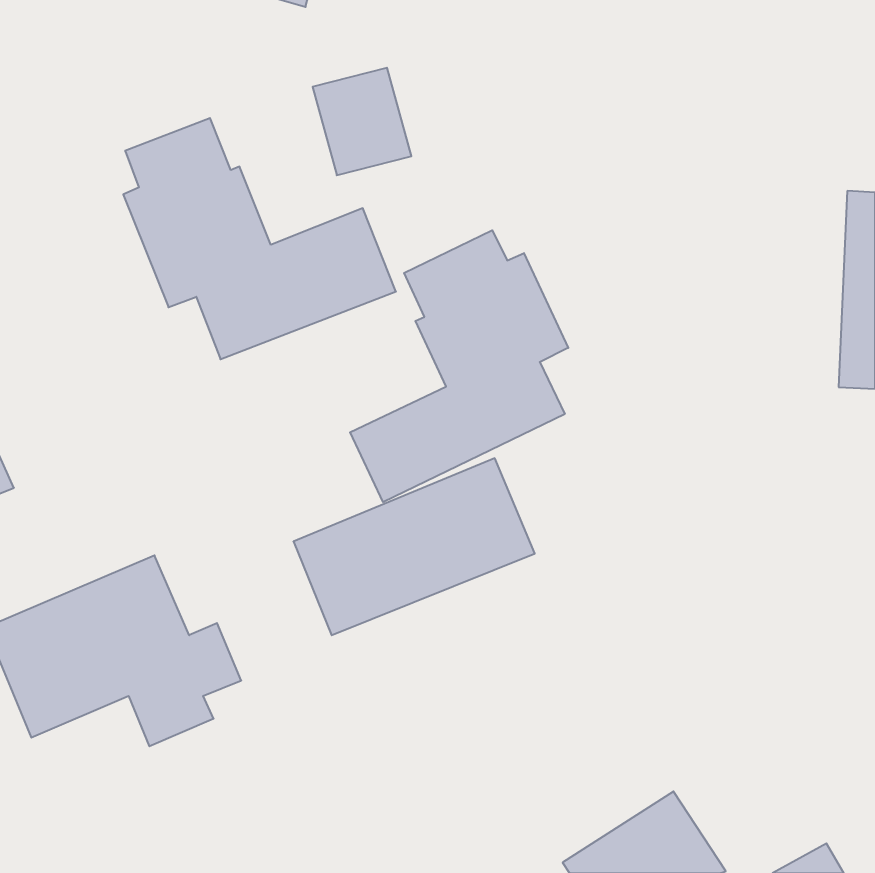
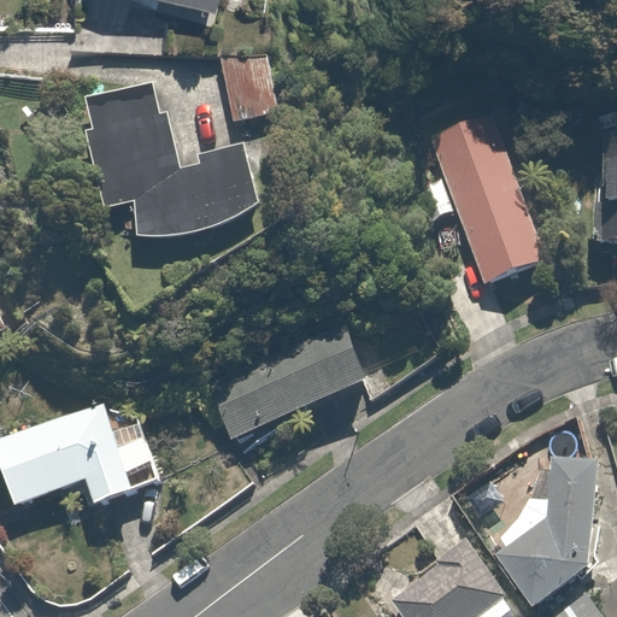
building: none -> [412,104,558,287]
building: [350,230,568,502] -> none
building: none -> [494,457,593,601]

